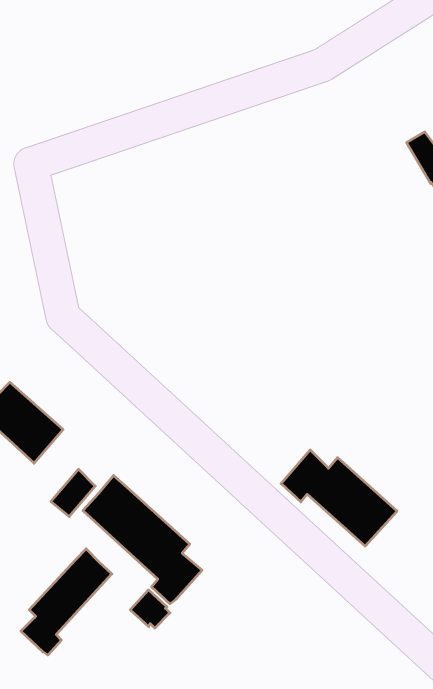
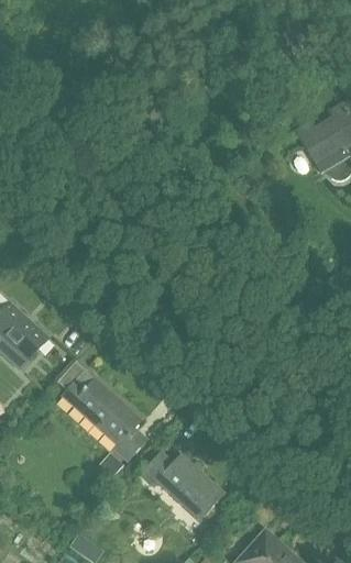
building: [281,450,397,546] -> [141,449,224,518]
building: [21,549,112,655] -> none

